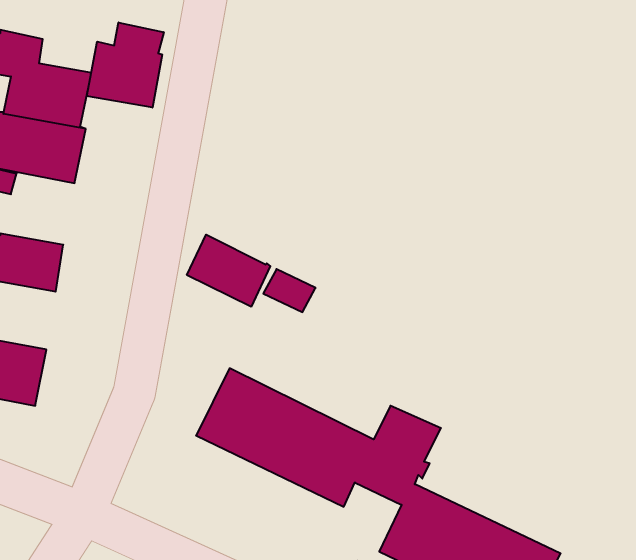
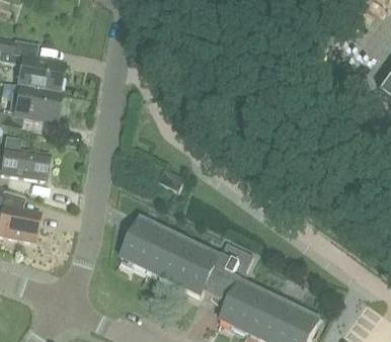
building: [87,22,164,108] -> none
building: [187,235,270,307] -> none

